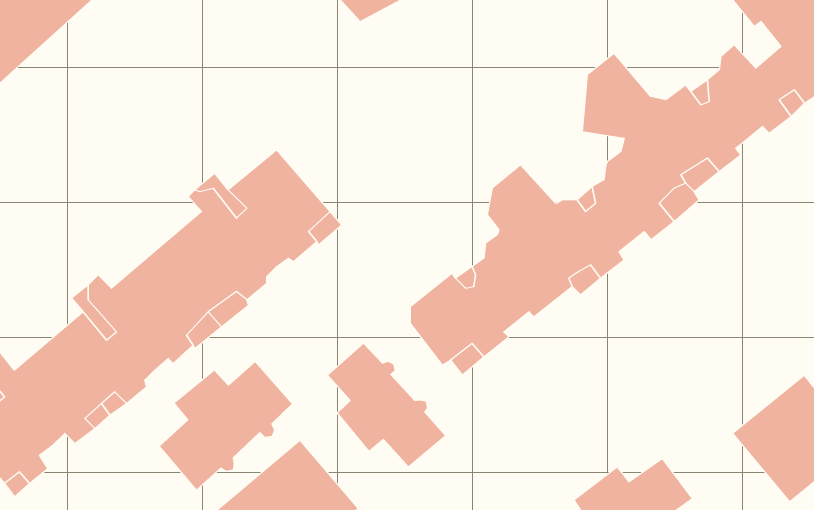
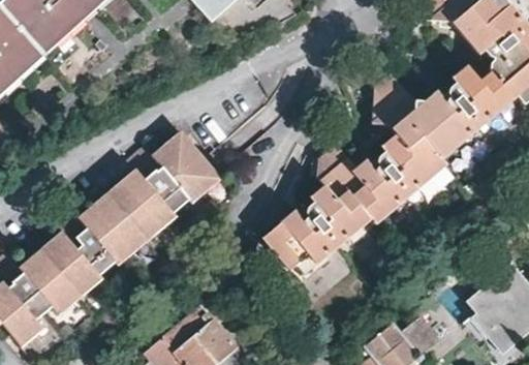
building: [328,343,446,467] -> none
building: [159,362,293,490] -> none

